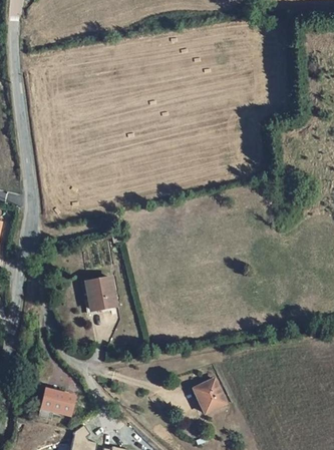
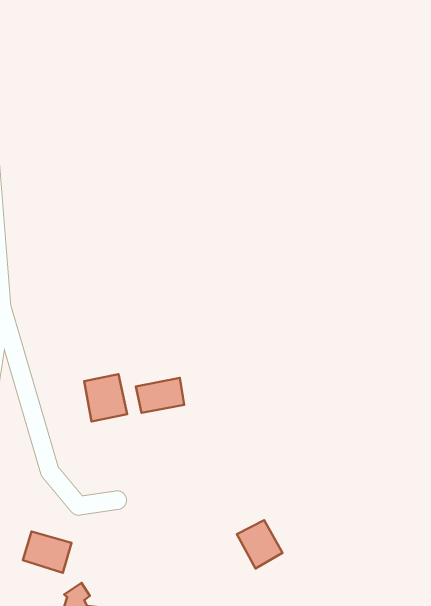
building: none -> [136,378,184,413]

